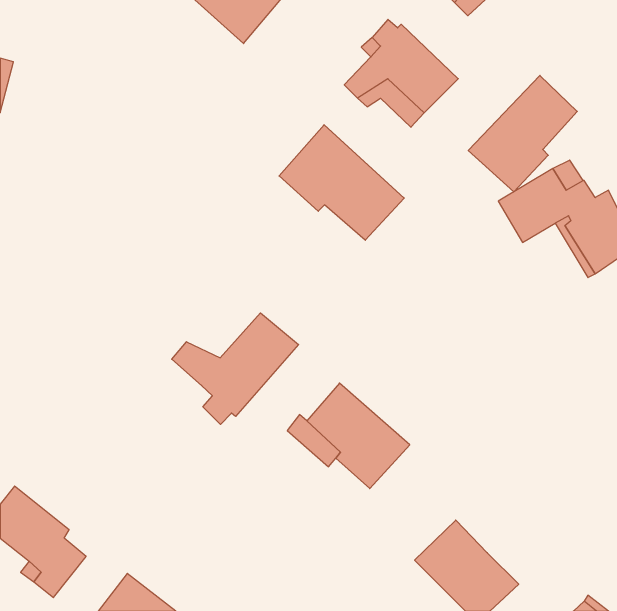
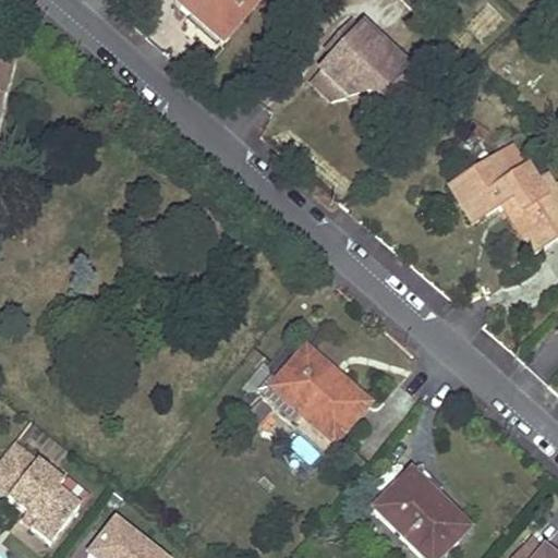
building: [468,75,577,192] -> none
building: [279,125,404,240] -> none
building: [172,313,299,424] -> none

